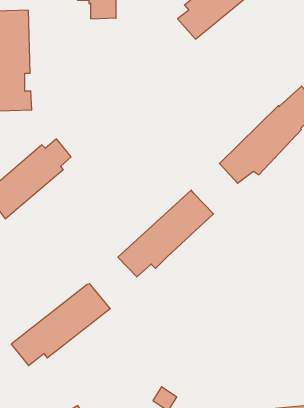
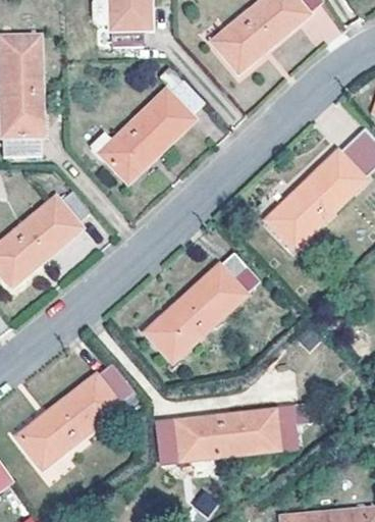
building: none -> [99,81,203,182]
building: none -> [155,408,297,462]

